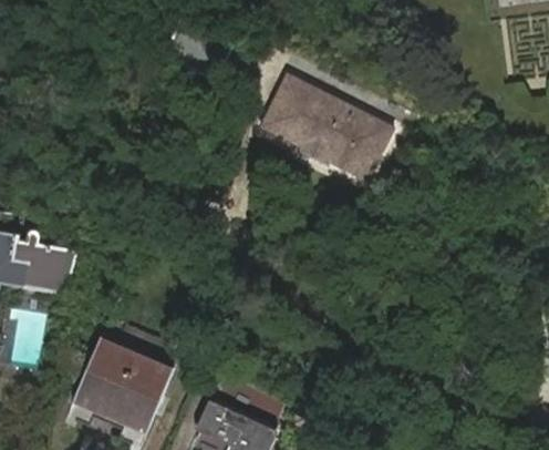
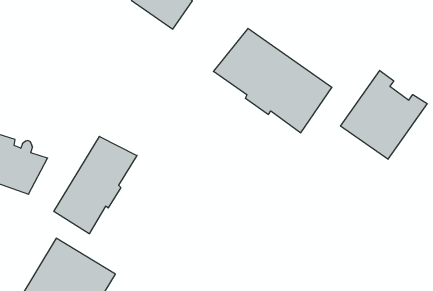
building: none -> [341,70,427,159]
building: none -> [54,136,137,234]

